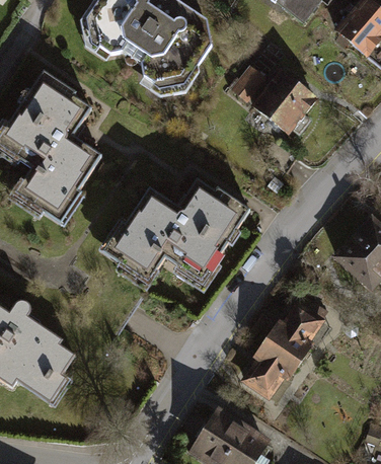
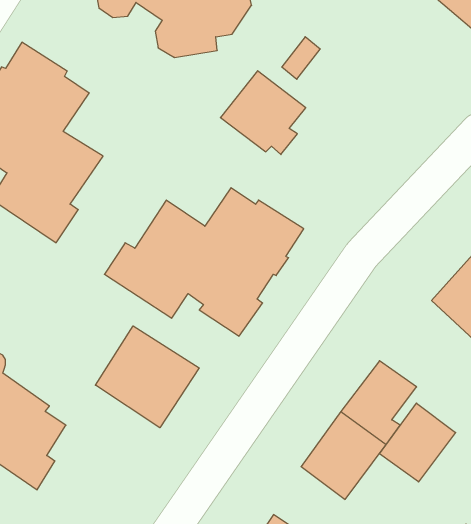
building: [252,71,315,133] -> [220,71,306,155]
building: none -> [95,326,199,428]
building: none -> [380,403,456,482]

